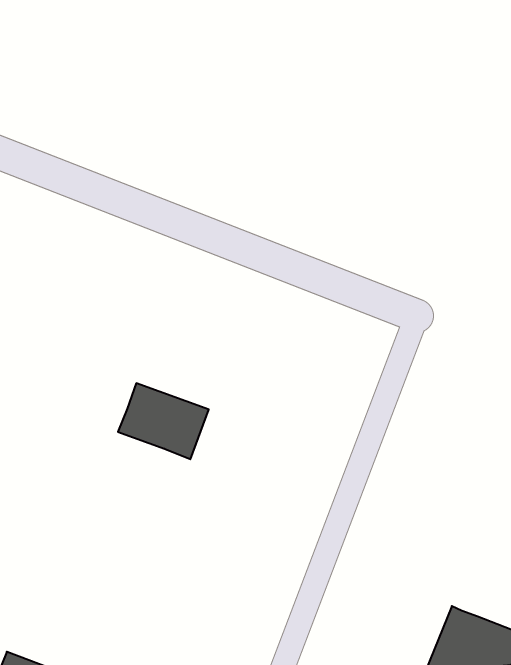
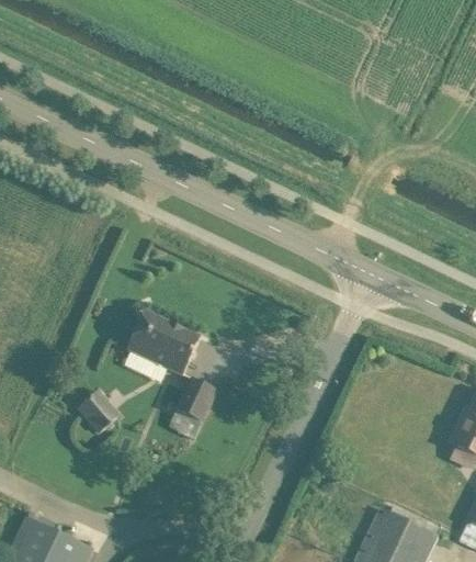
building: none -> [167,379,216,440]
building: none -> [78,393,117,432]

